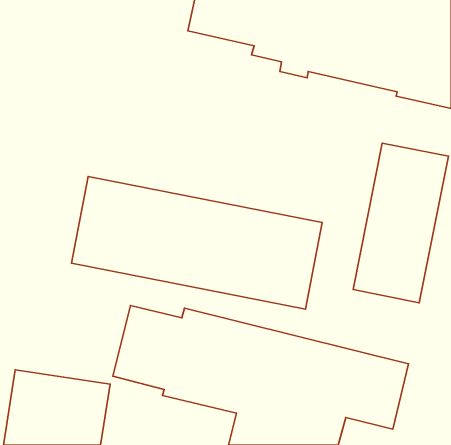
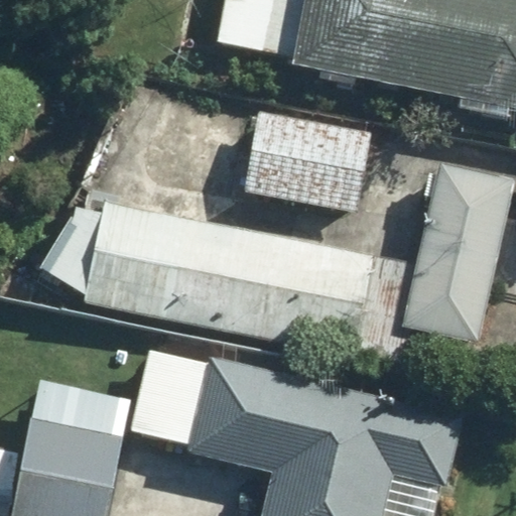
building: none -> [249,114,370,211]

